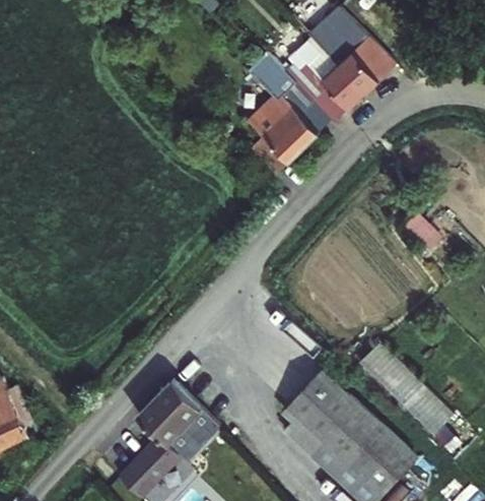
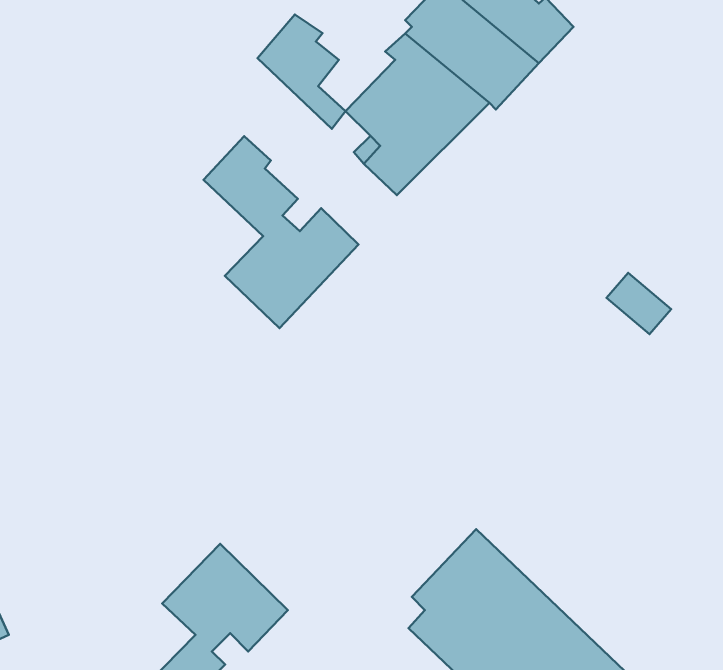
building: none -> [257,15,346,129]
building: none -> [204,136,359,328]
building: [361,342,459,439] -> none

